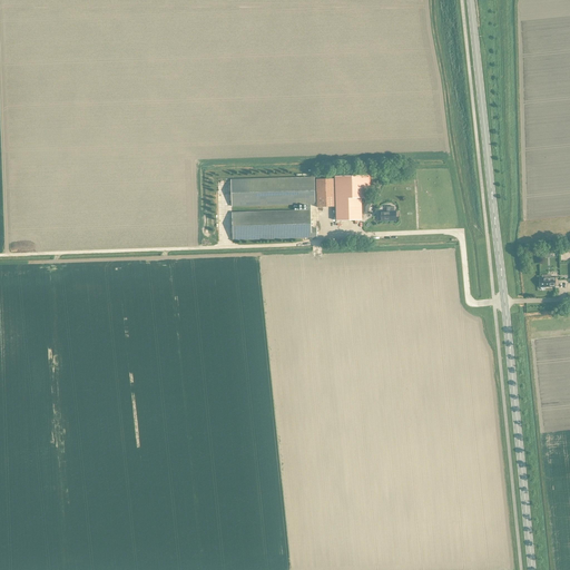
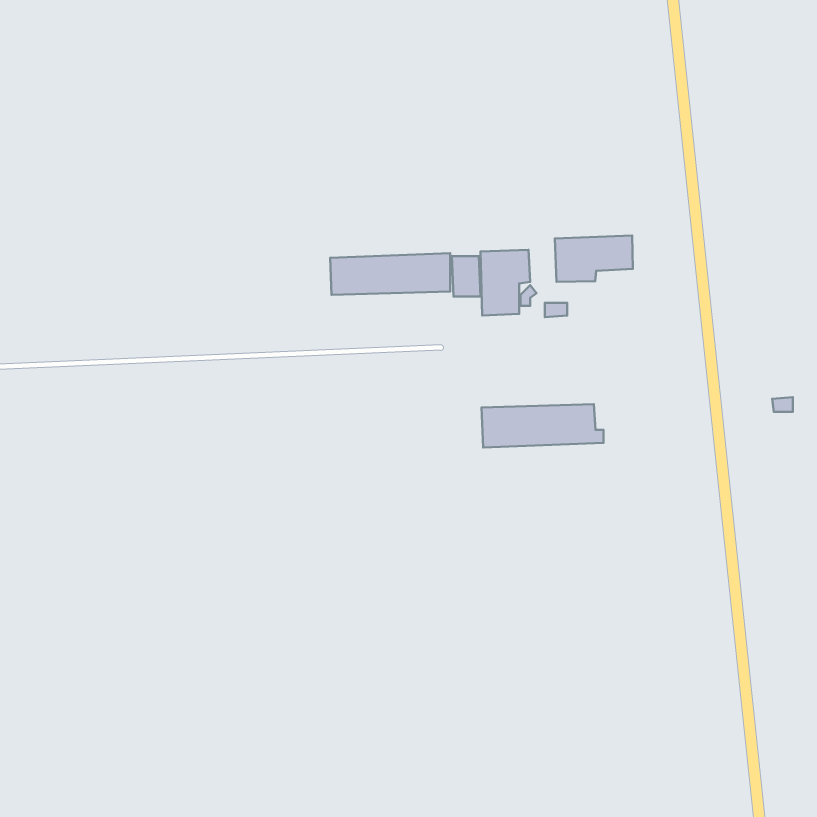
building: none -> [555,236,633,282]
building: [230,209,315,239] -> [482,404,603,448]

